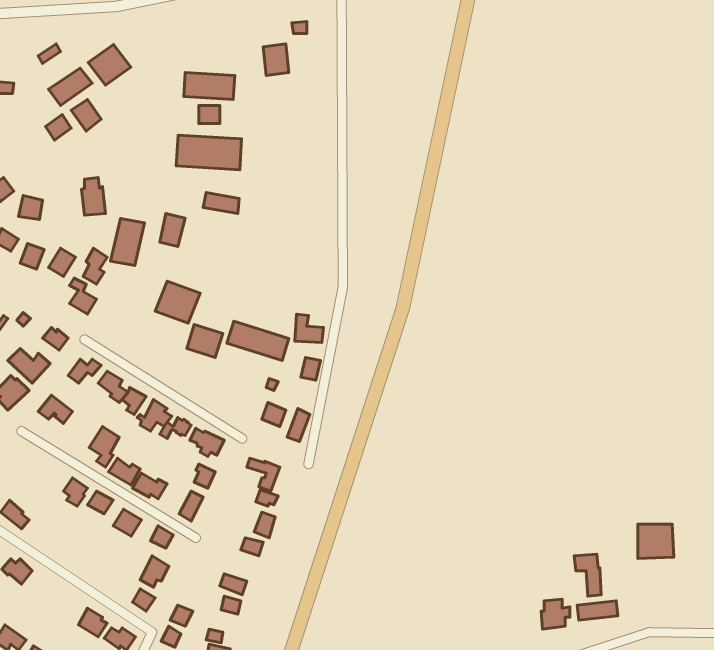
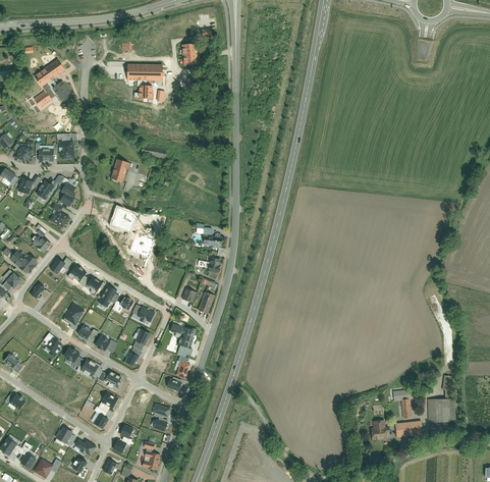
building: [88,44,131,85] -> none
building: [176,135,242,170] -> none
building: [111,219,145,265] -> none
building: [227,321,289,361] -> none
building: [638,524,674,559] -> [429,400,453,424]

